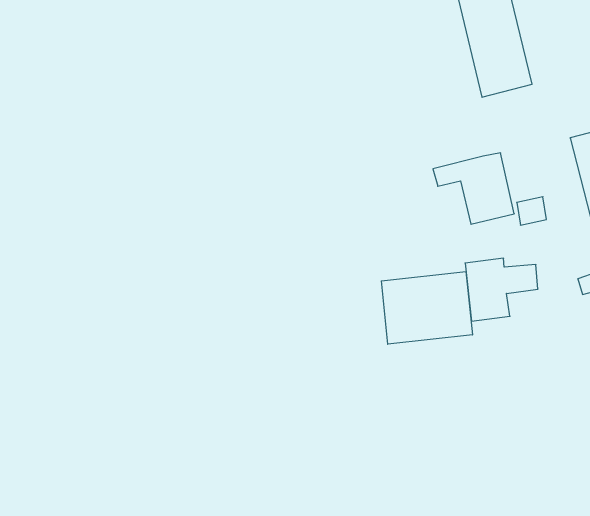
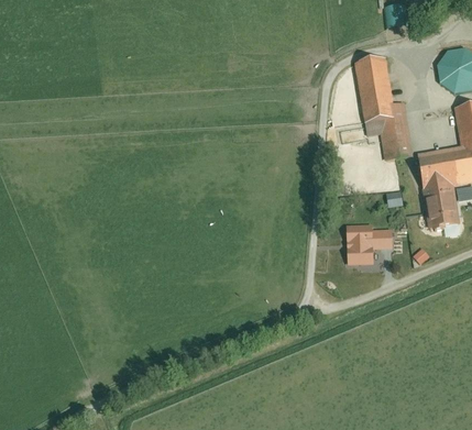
building: [433,153,514,224] -> [365,118,414,161]
building: [381,272,472,344] -> none

